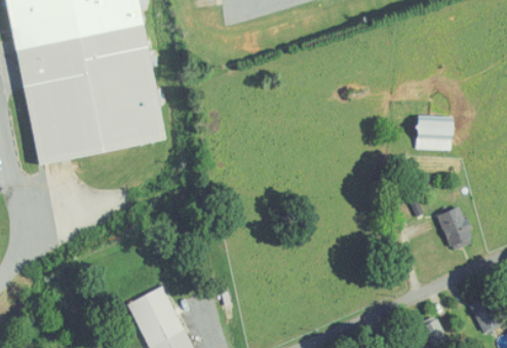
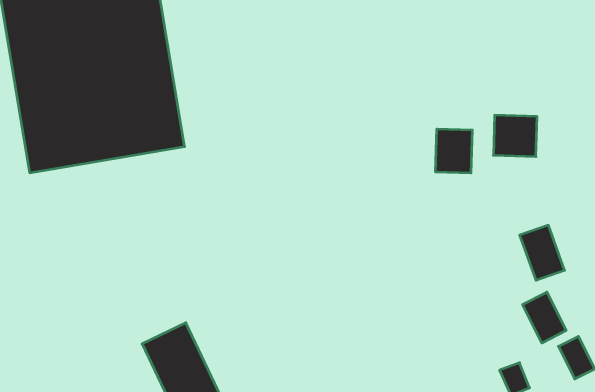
building: none -> [436,129,472,173]
building: none -> [523,292,566,343]

